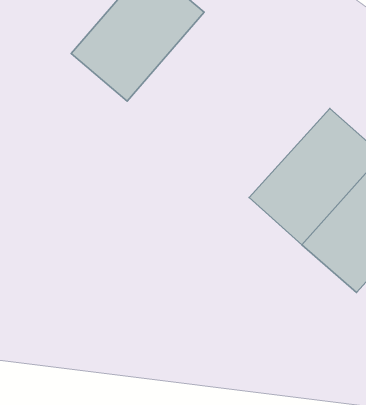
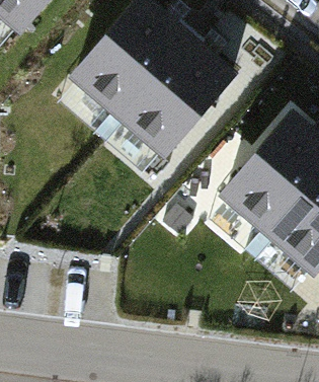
building: none -> [116,42,227,155]

